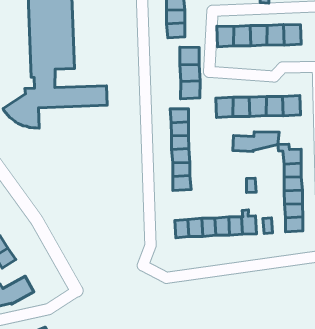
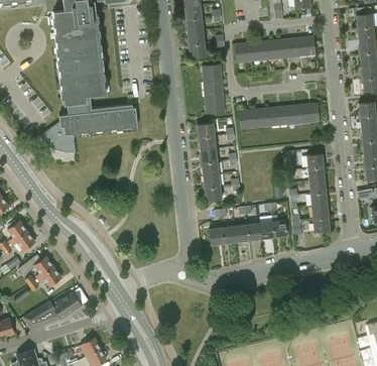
building: [233,132,279,151] -> none

